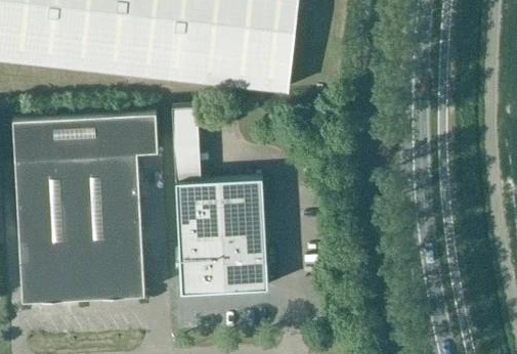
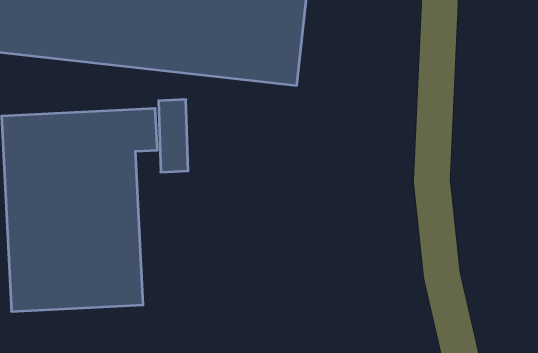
building: [175,179,267,295] -> none

